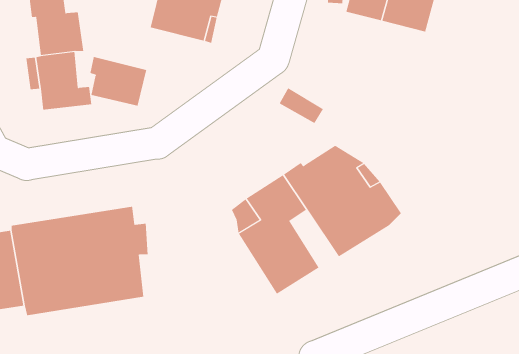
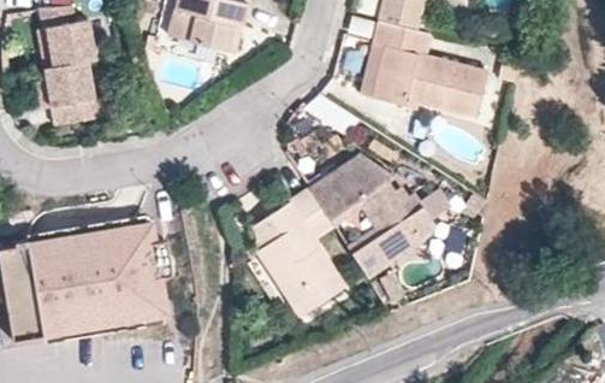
building: none -> [368,19,485,114]
building: [90,56,147,107] -> none

